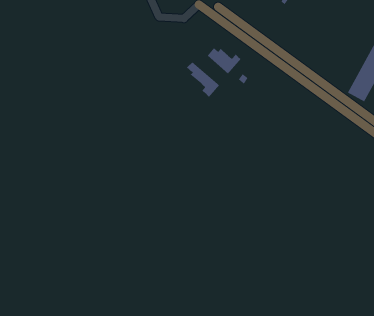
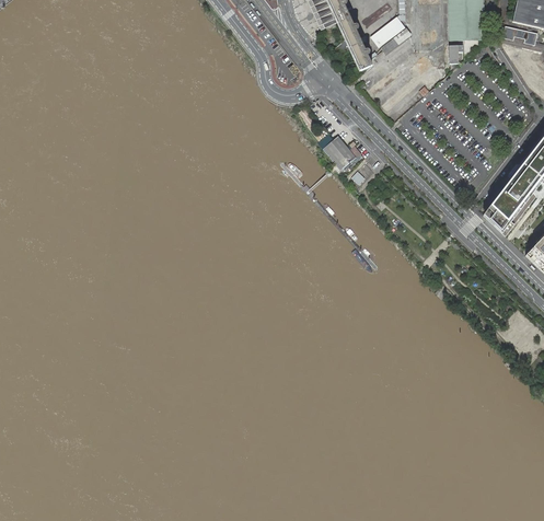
building: [186,61,220,98] -> none

